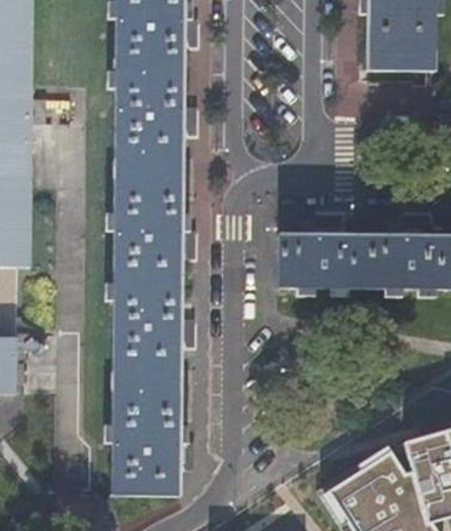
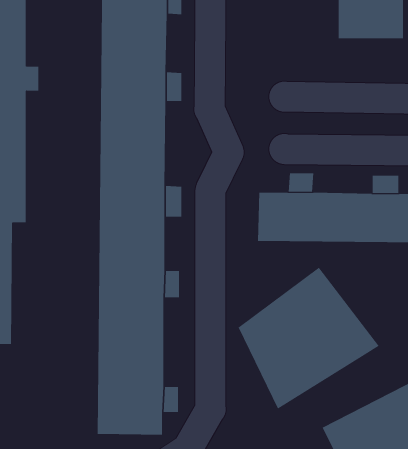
building: none -> [238,267,380,409]

